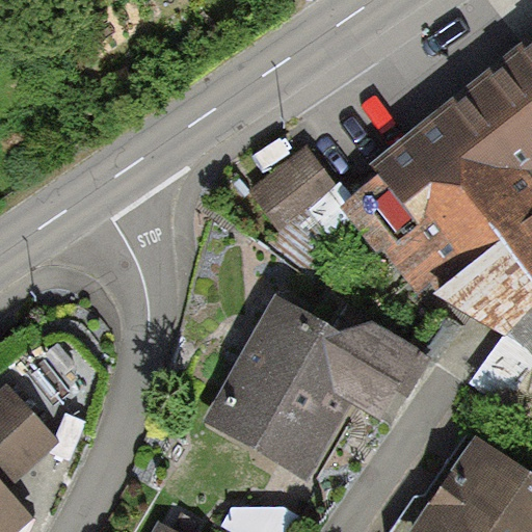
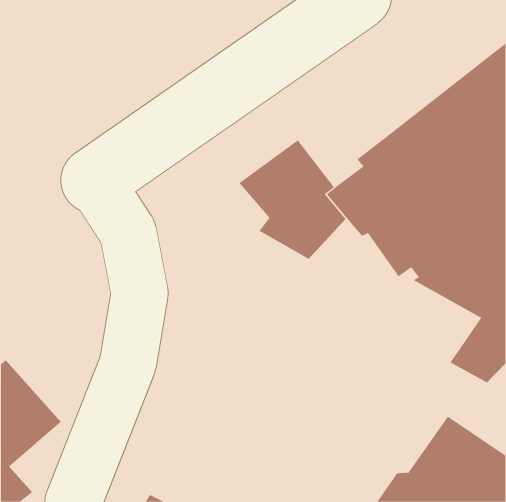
building: [210,296,419,475] -> none

